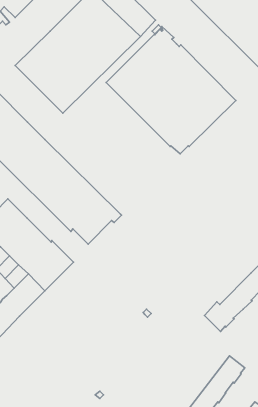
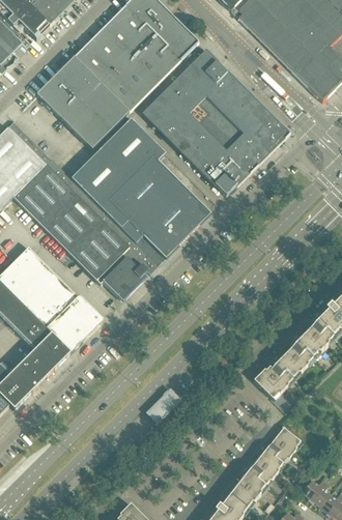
building: none -> [70,118,210,264]
building: none -> [145,386,182,424]

